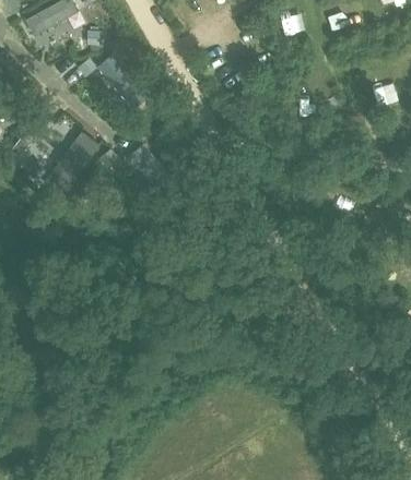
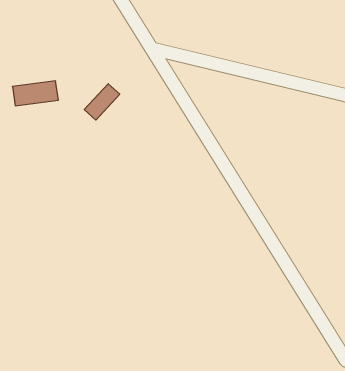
building: [95,53,145,108] -> none

